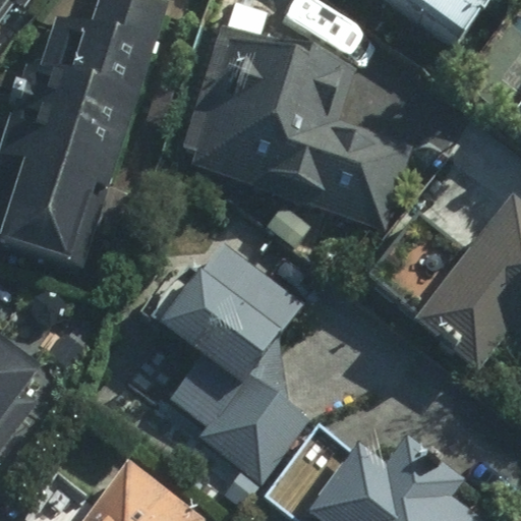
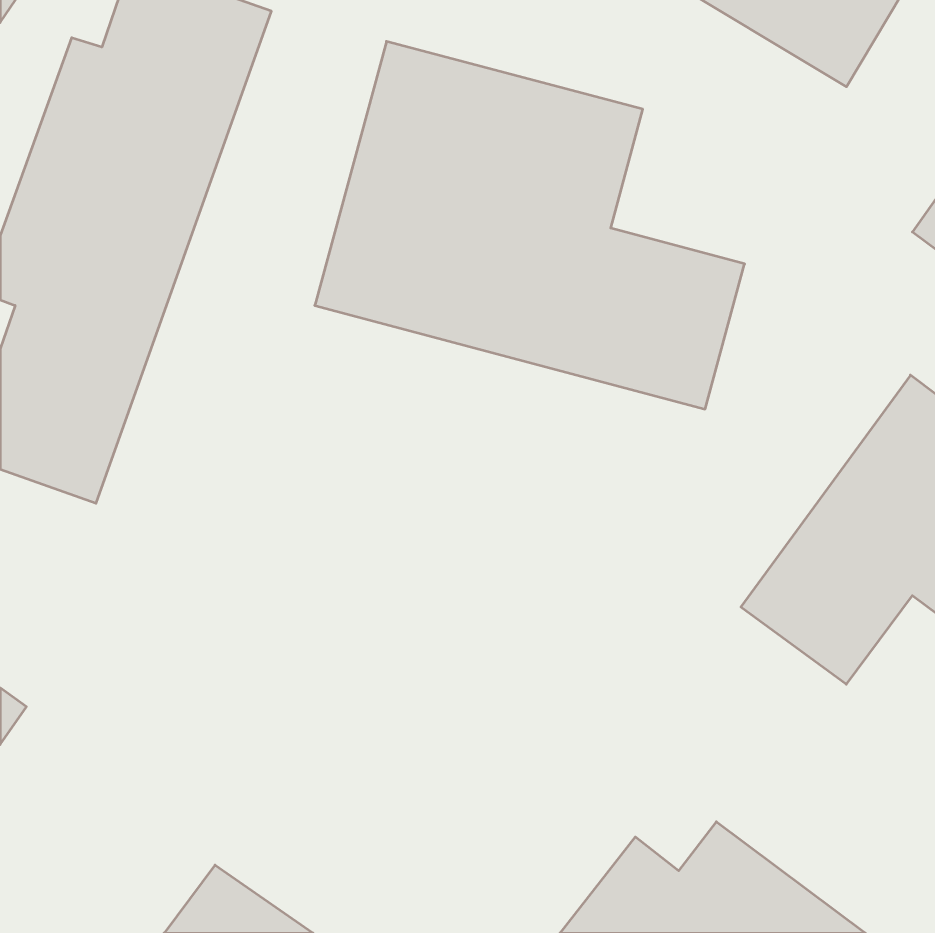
building: [156,240,312,474] -> none

